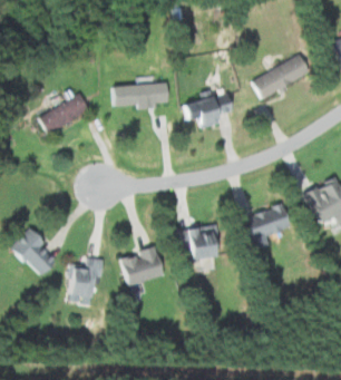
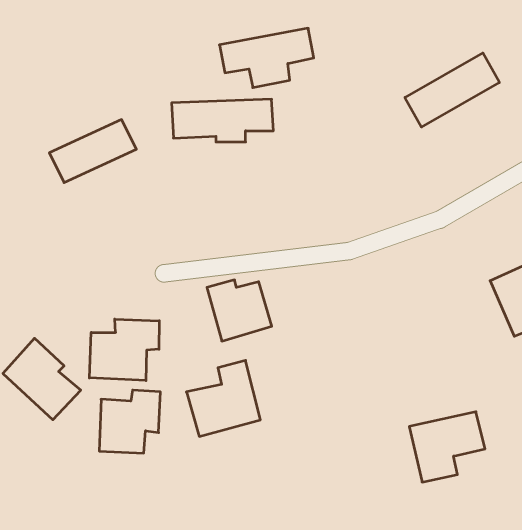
building: [178,92,235,128] -> [219,28,314,88]
building: [242,207,288,250] -> [409,412,485,482]
building: none -> [89,319,159,381]
building: [179,225,218,262] -> [207,280,272,341]

